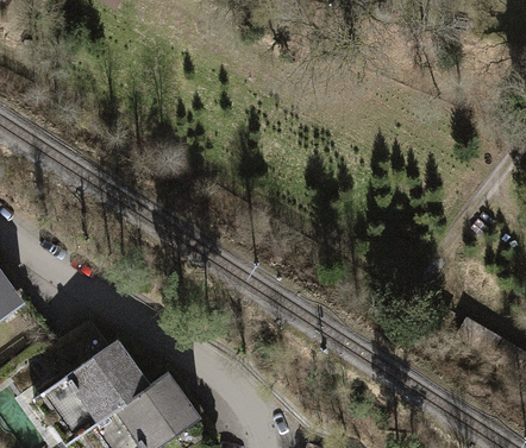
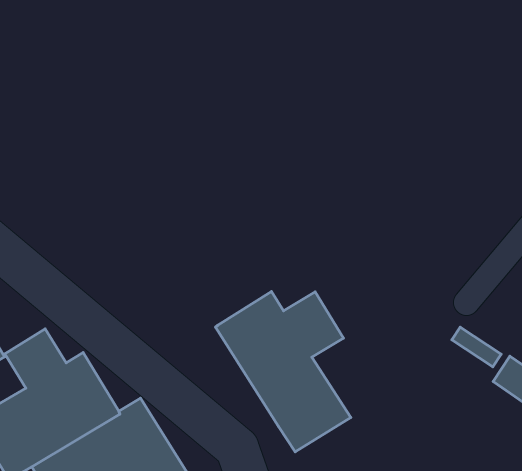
building: none -> [216,291,351,452]

